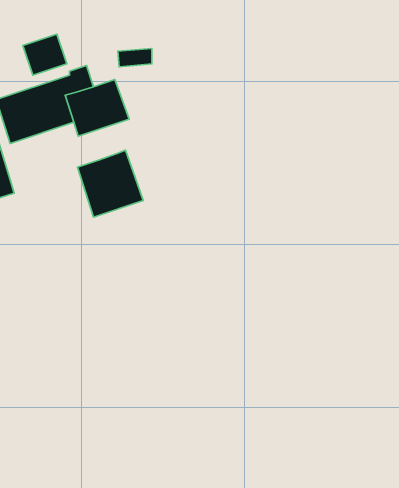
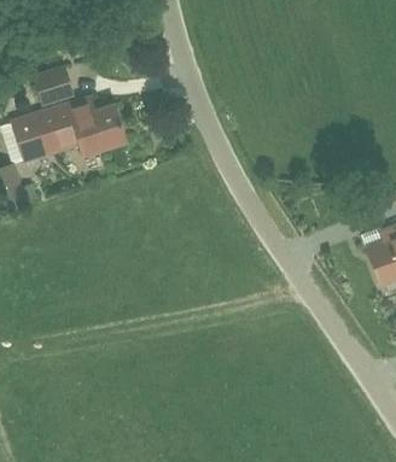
building: [78,150,143,217] -> none

